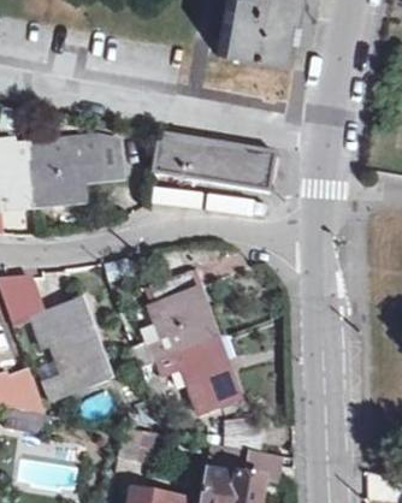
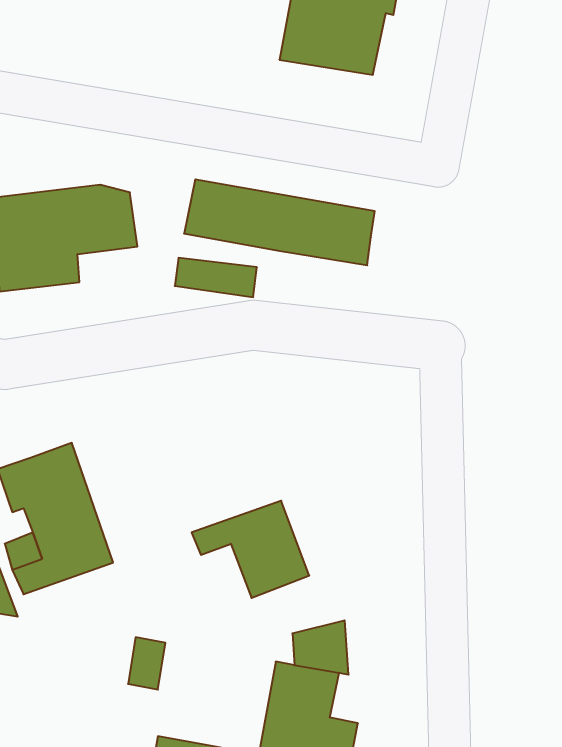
building: [154,271,218,360] -> none

